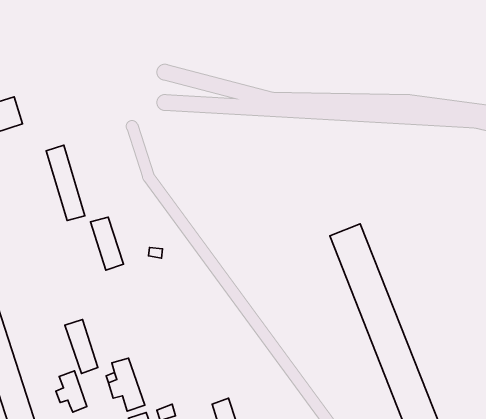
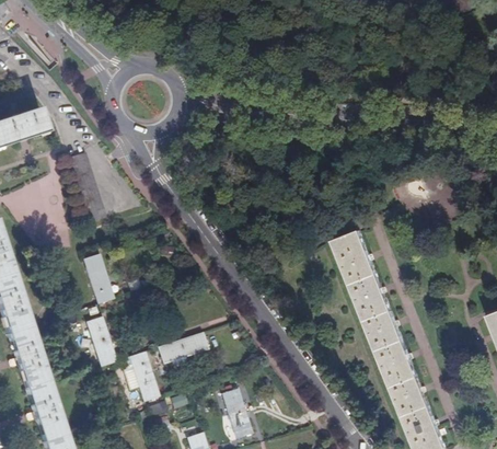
building: [90,217,123,270] -> [82,255,113,304]
building: none -> [159,333,208,364]
building: [56,371,87,412] -> none

